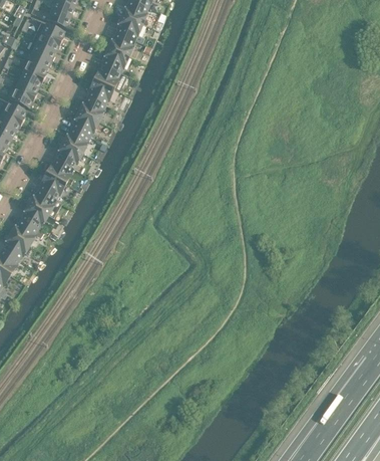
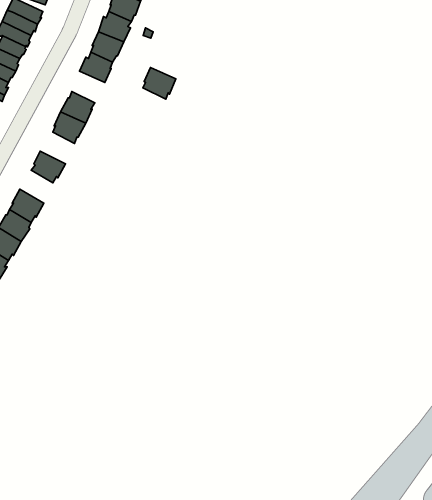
building: [88,79,114,104] -> [143,67,176,99]
building: [63,128,90,153] -> none
building: [47,158,73,184] -> none

